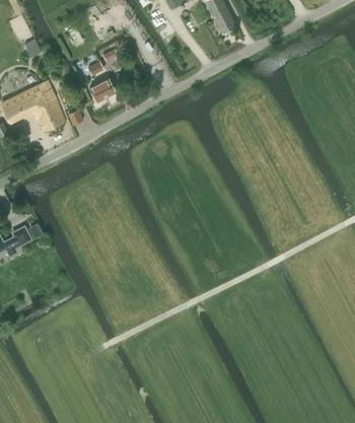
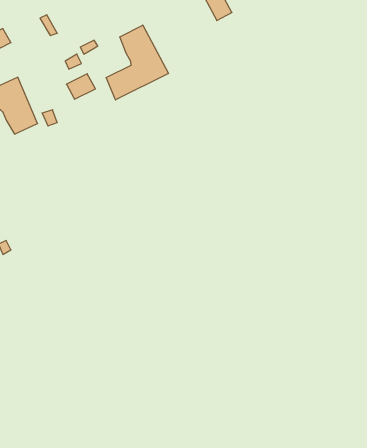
building: none -> [106,25,168,100]

